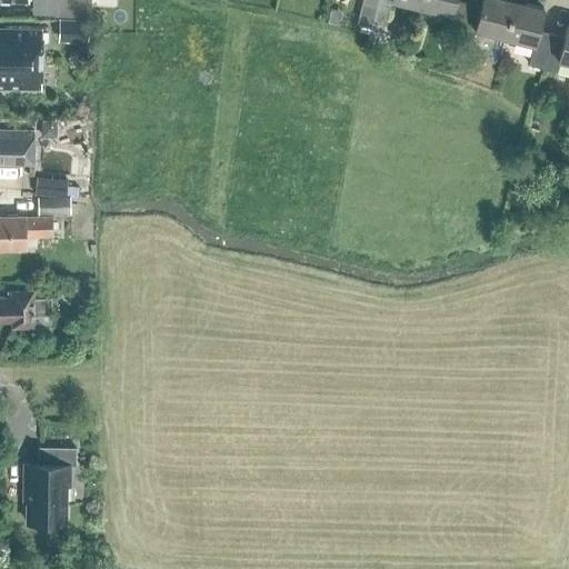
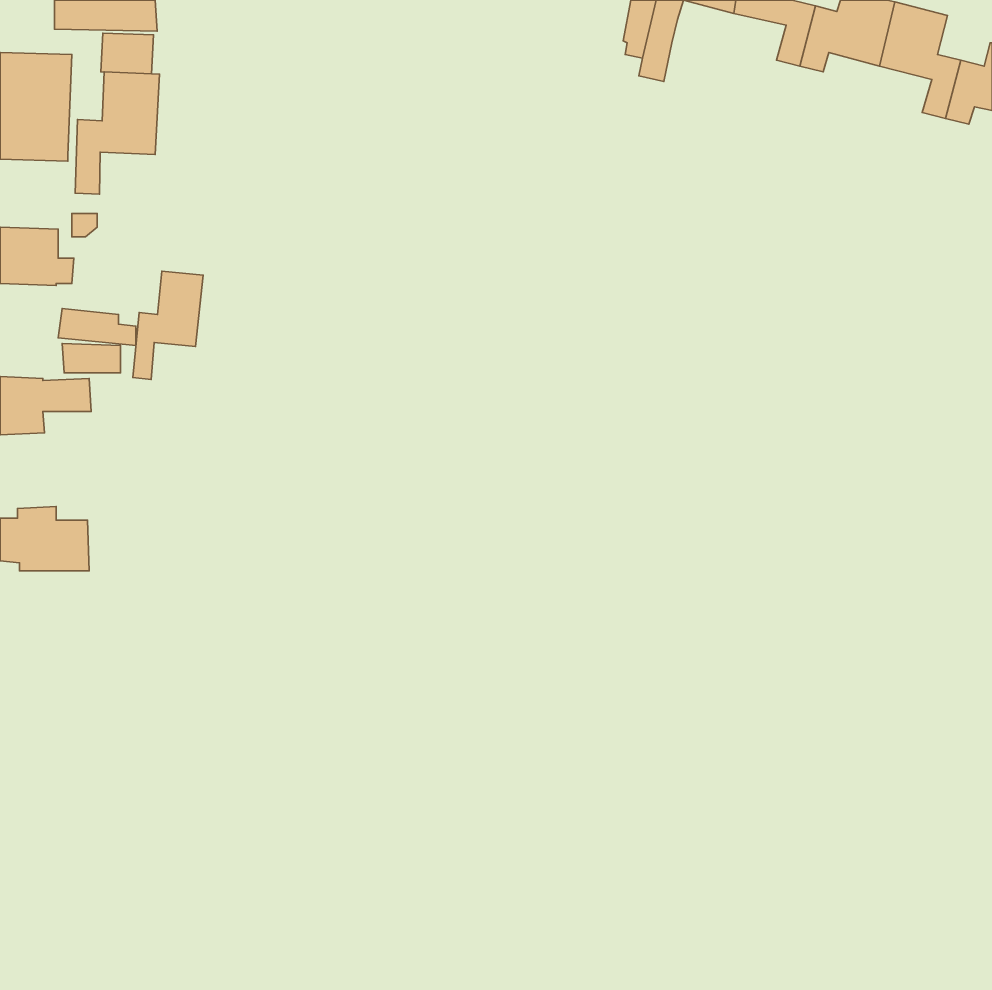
building: none -> [75,72,159,194]
building: none -> [133,271,203,380]
building: [23,448,76,525] -> none

